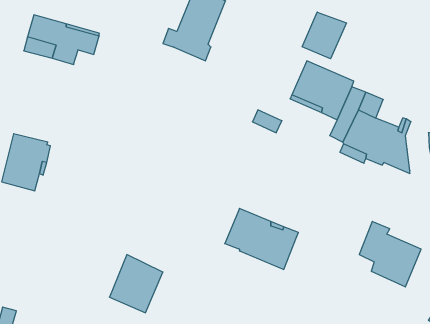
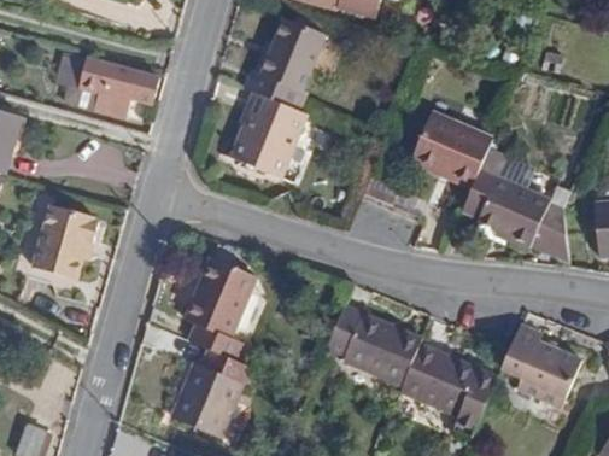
building: [302,12,347,59] -> none
building: none -> [230,93,311,181]
building: none -> [185,259,258,362]
building: none -> [399,341,496,422]

